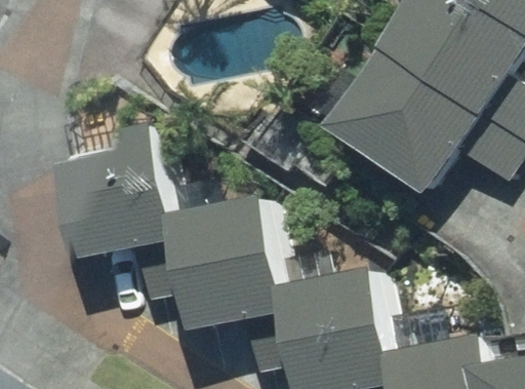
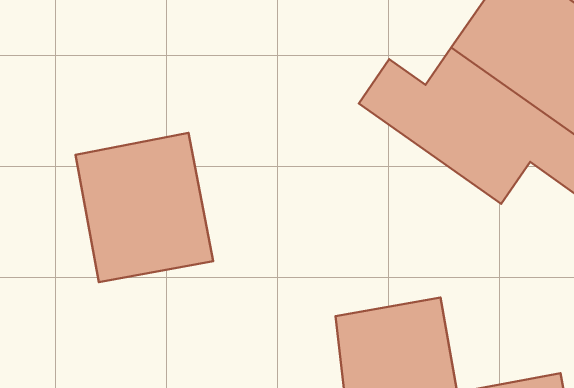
building: [188,200,296,330] -> none

